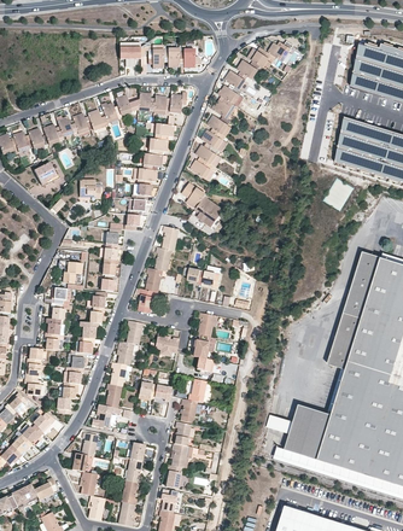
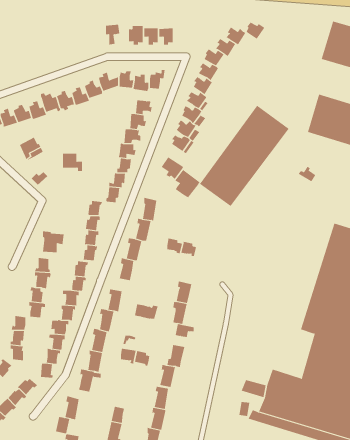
building: none -> [199,105,289,207]

